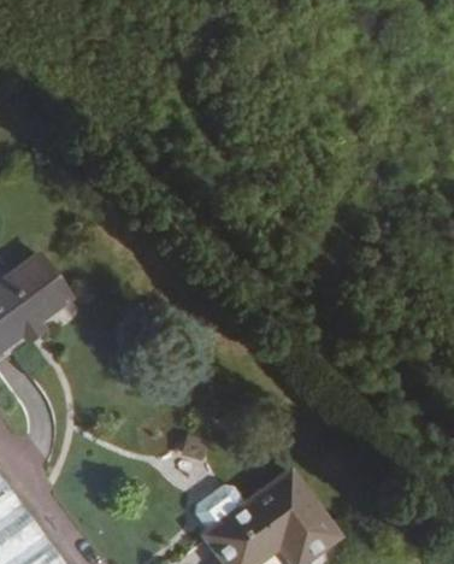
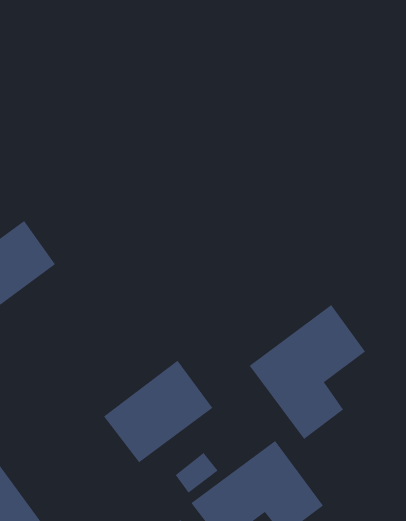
building: none -> [249,304,366,440]
building: none -> [103,360,213,463]

